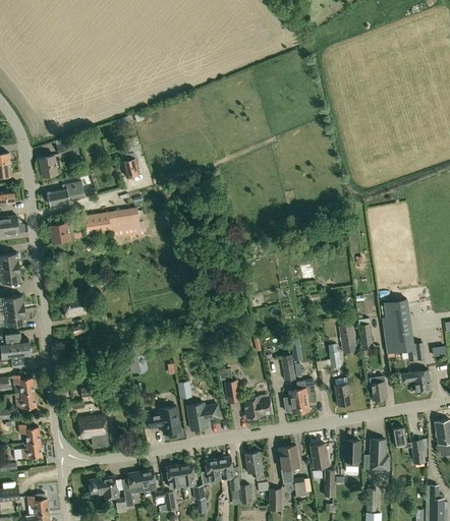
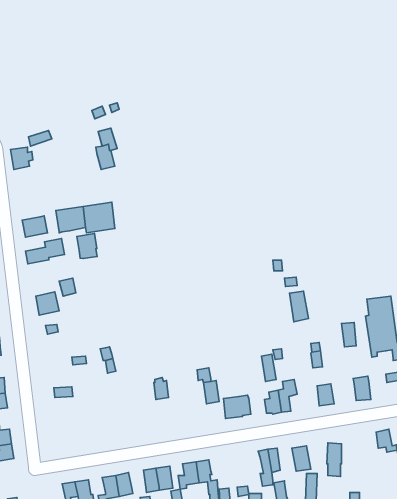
building: [47,181,85,206] -> [26,239,65,264]
building: none -> [77,233,97,258]
building: [339,325,357,354] -> [290,291,309,322]
building: [187,404,220,429] -> none
building: [147,407,180,435] -> none
building: [78,415,108,447] -> none
building: [371,440,389,471] -> none
building: [244,452,264,480] -> none

